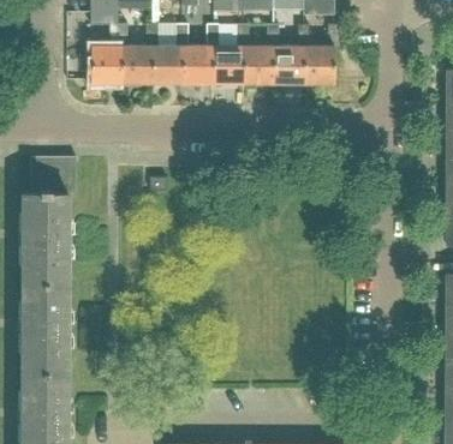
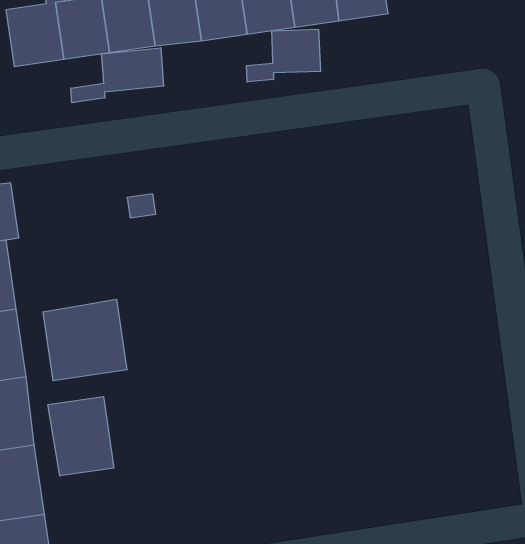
building: none -> [71,48,164,103]
building: none -> [247,29,320,82]
building: none -> [43,299,127,381]
building: none -> [48,397,114,476]

